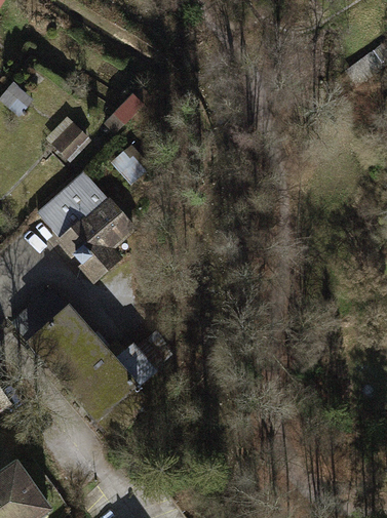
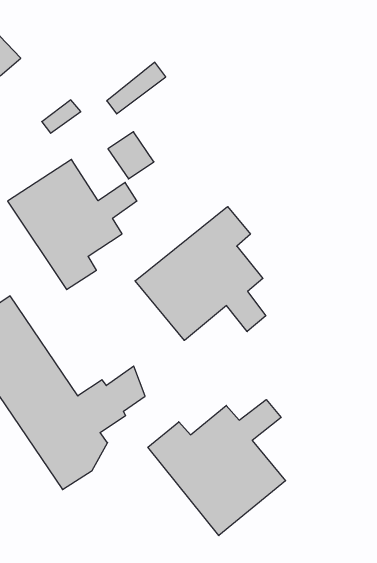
building: none -> [135,207,266,340]
building: none -> [148,400,286,536]

